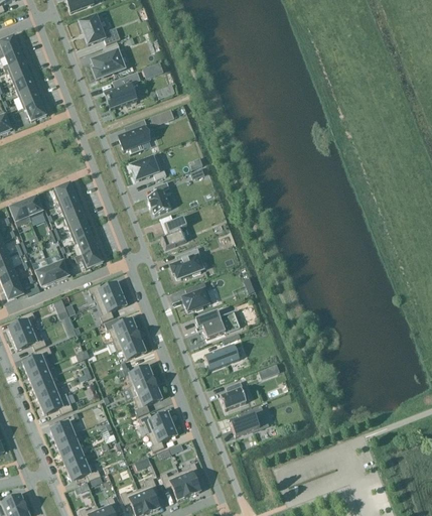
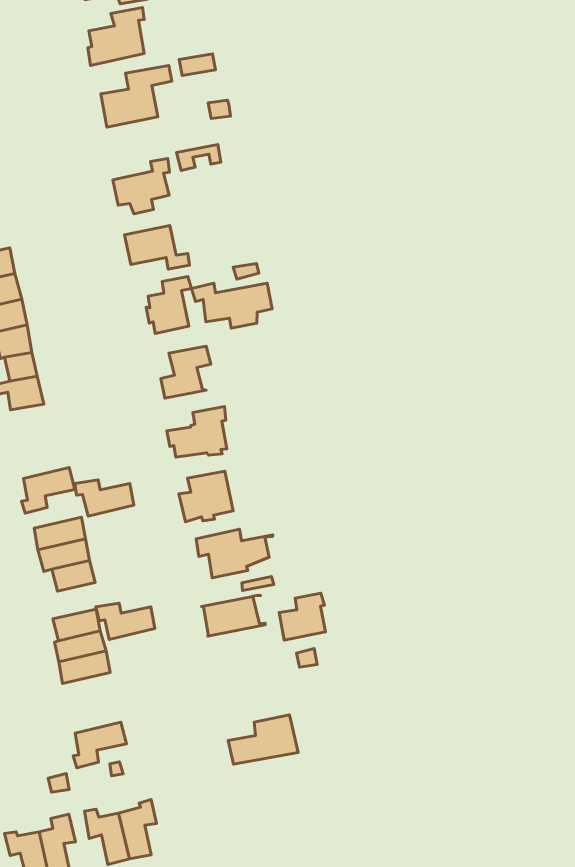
building: none -> [191,283,272,328]
building: [89,282,122,303] -> [75,480,134,516]
building: [221,381,247,409] -> [279,593,325,640]
building: [139,412,172,433] -> [96,603,155,640]

